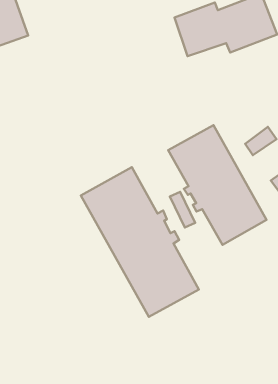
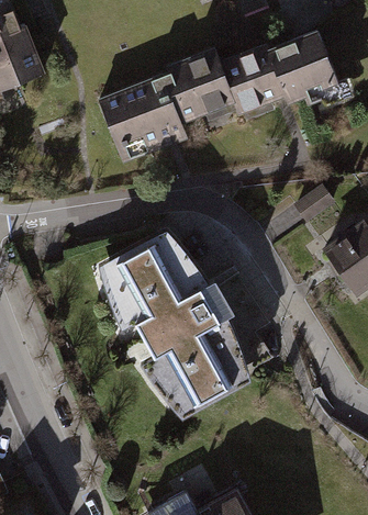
building: none -> [98,51,231,159]
building: [168,125,267,245] -> none

